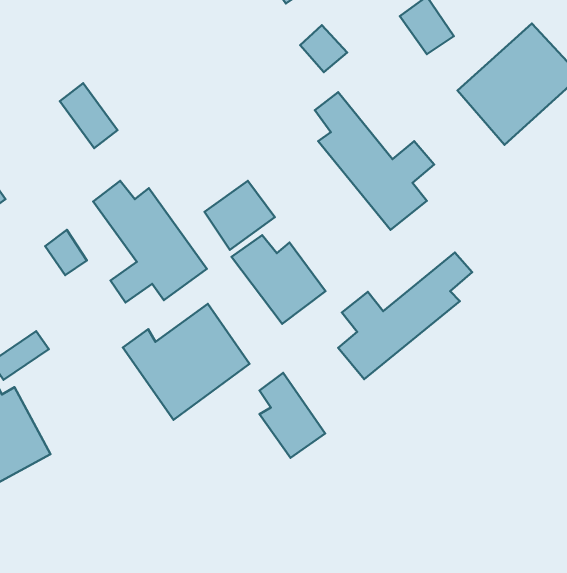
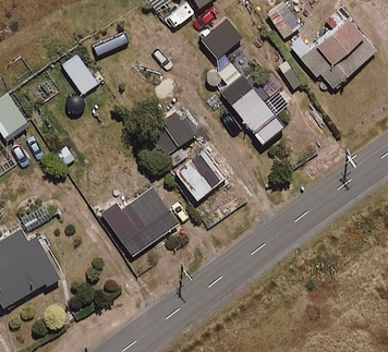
building: [93,181,207,303] -> none
building: [338,252,472,379] -> none
building: [259,373,325,458] -> none

